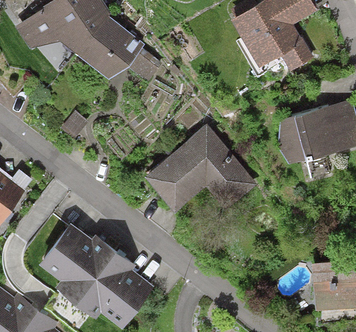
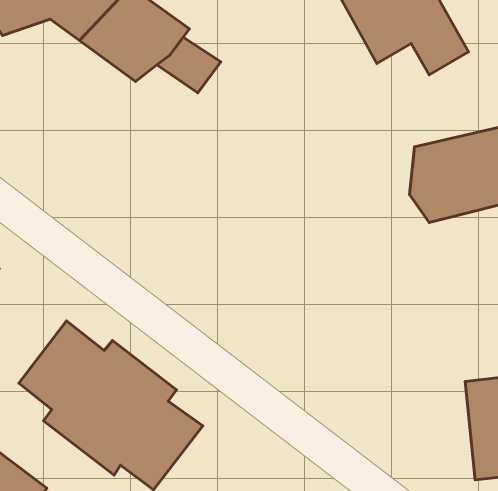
building: [144,124,258,211] -> none

